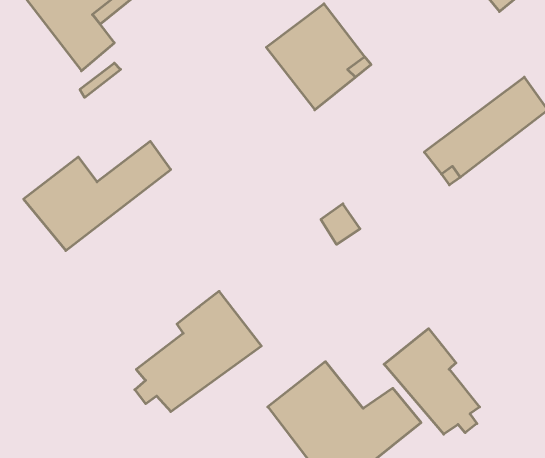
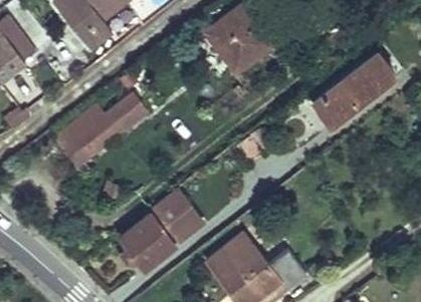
building: [384,329,480,434] -> none

